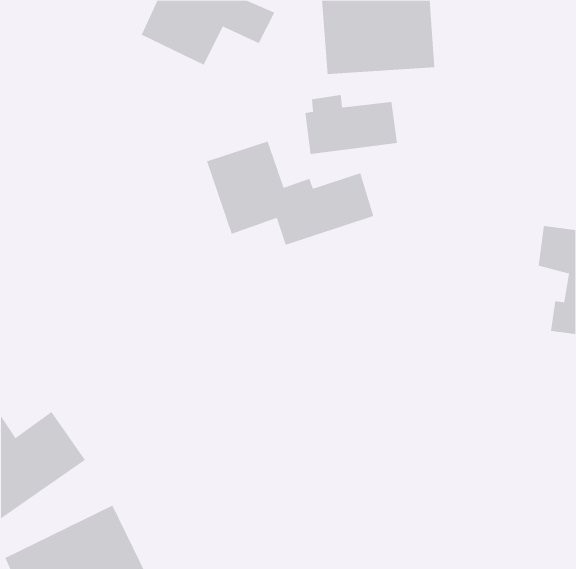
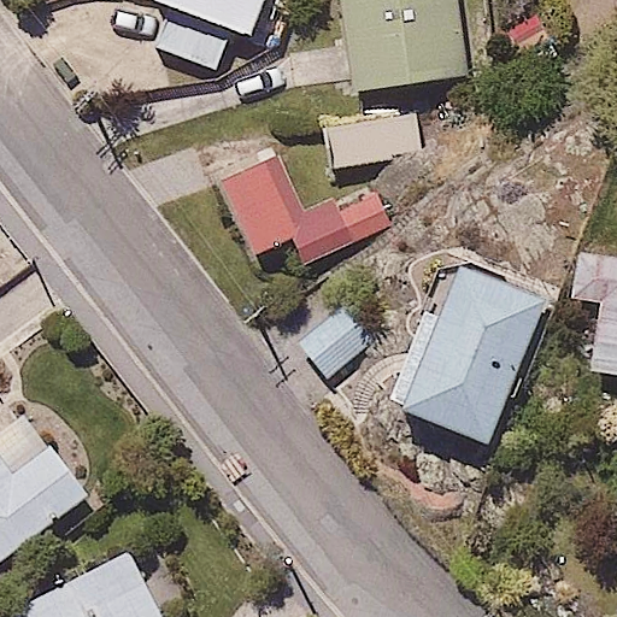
building: none -> [401,249,551,436]

